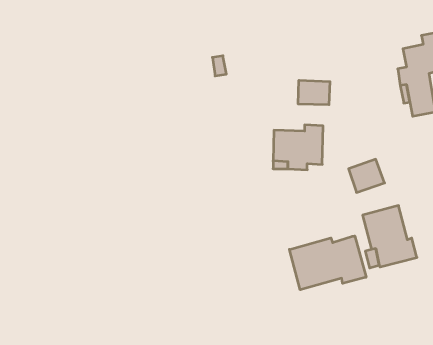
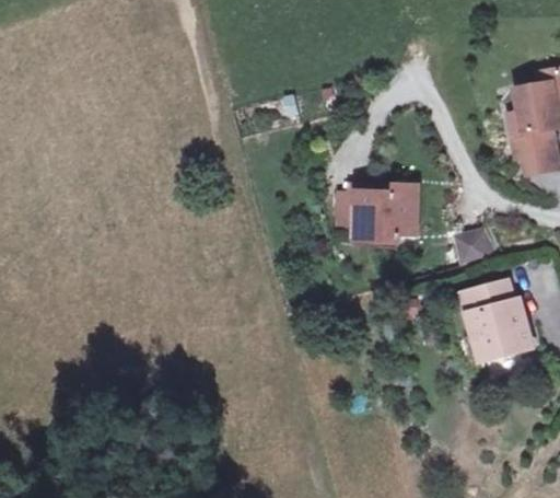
building: [298,80,330,105] -> none
building: [289,236,366,290] -> none

